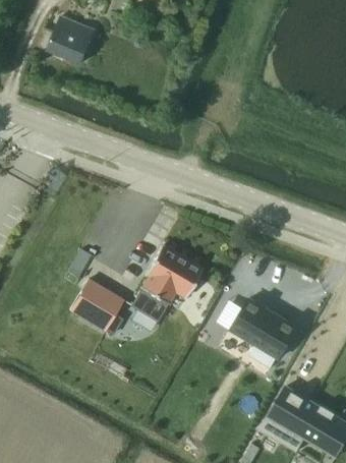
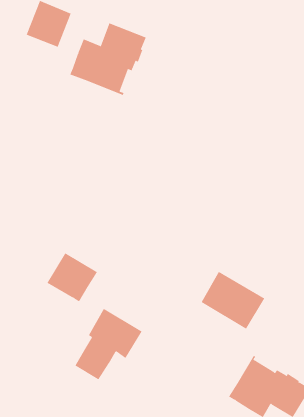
building: none -> [70,23,146,96]
building: [132,246,204,322] -> [74,308,142,380]

